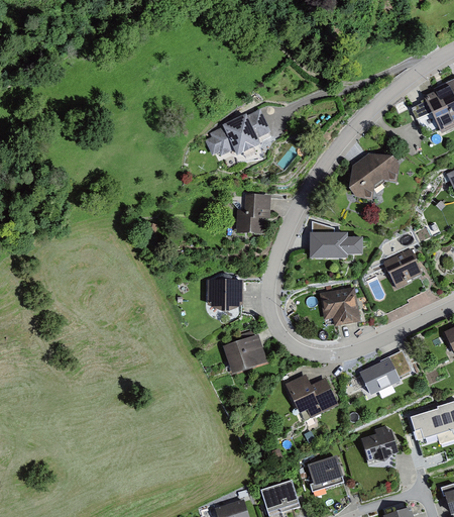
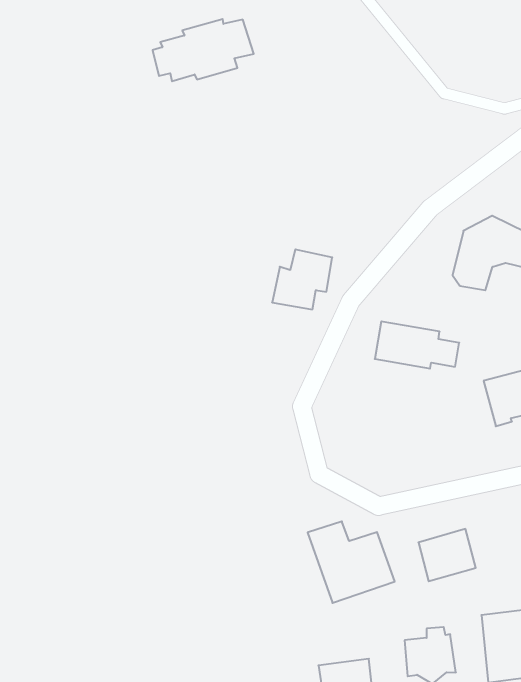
building: [205,109,271,158] -> [153,19,254,81]
building: [207,281,243,313] -> none
building: [321,283,362,323] -> none
building: [224,332,269,375] -> none

